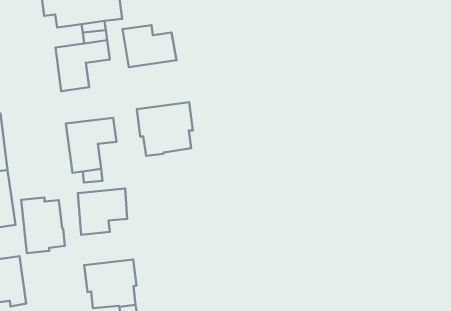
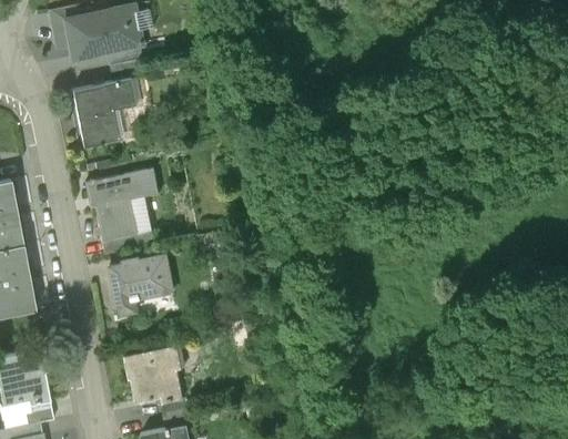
building: [122,25,176,67] -> none
building: [137,102,193,156] -> none
building: [21,197,65,253] -> none

